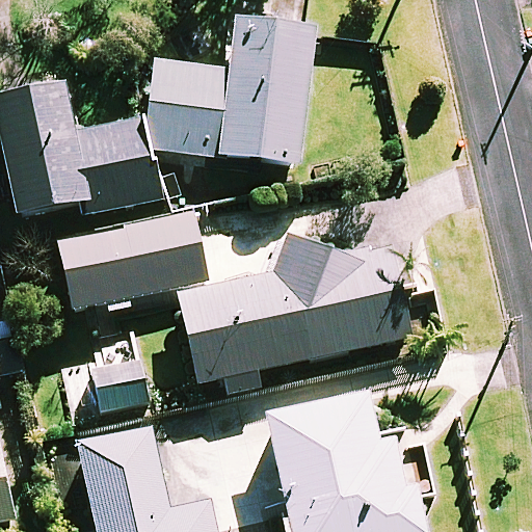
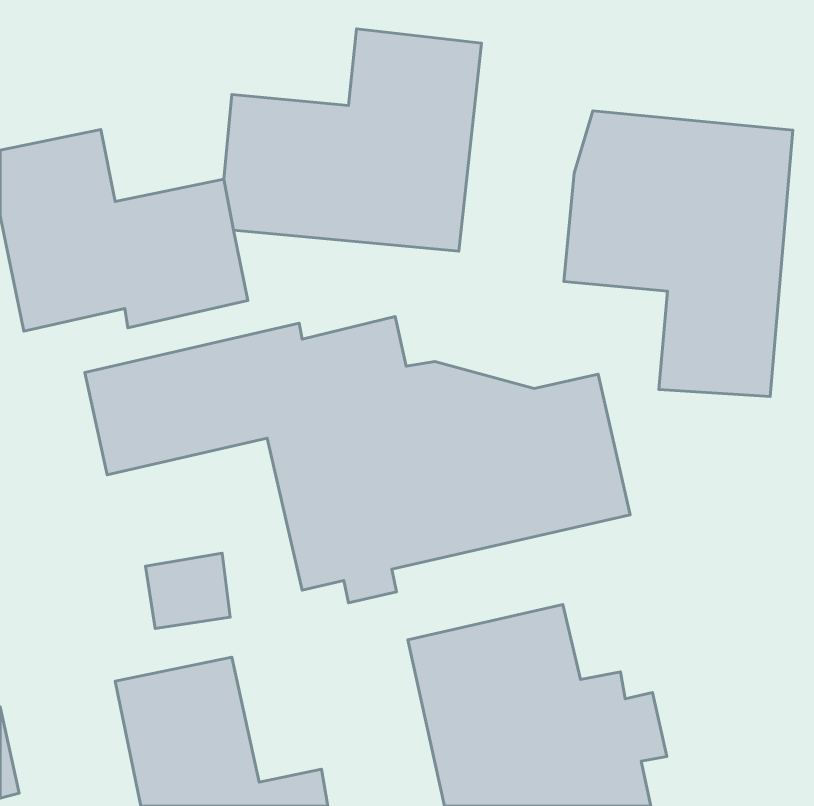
building: none -> [564,111,793,397]

